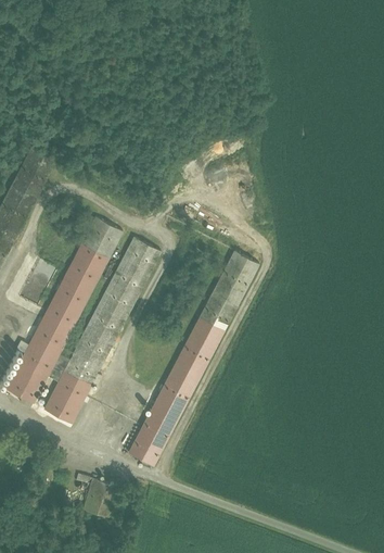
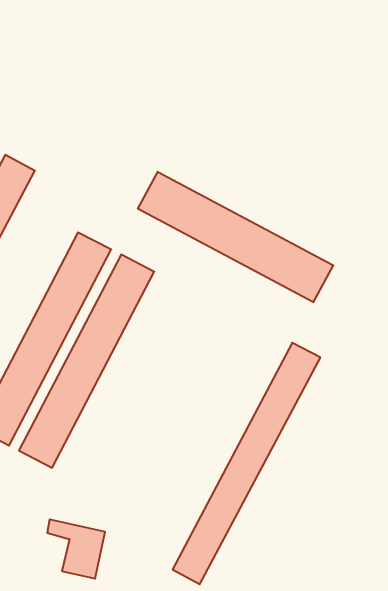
building: none -> [138,172,333,302]
building: [127,254,257,467] -> [173,343,320,584]

